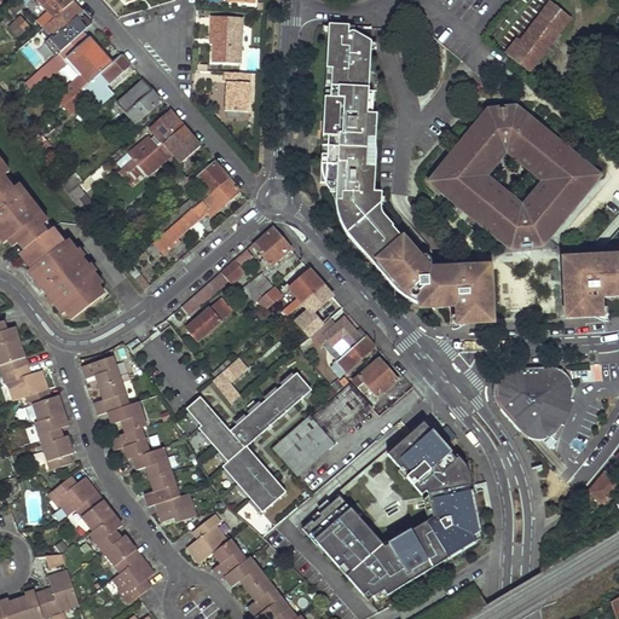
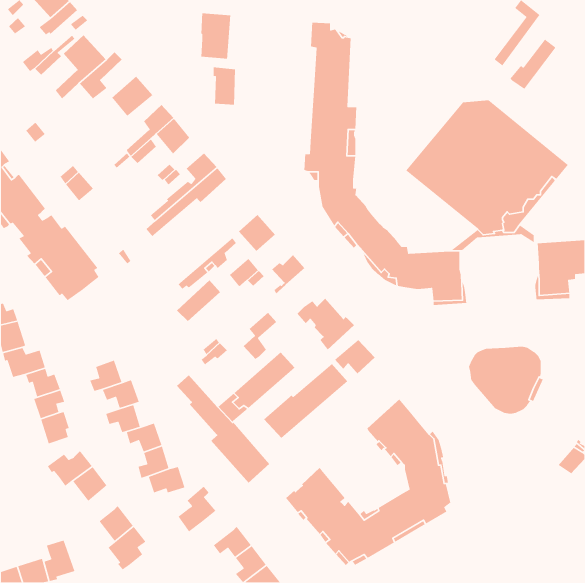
building: [505,8,555,63] -> [509,38,556,90]
building: [296,283,332,334] -> [243,312,277,360]
building: [82,354,121,387] -> none
building: [91,513,122,550] -> none
building: [213,538,247,578] -> none

